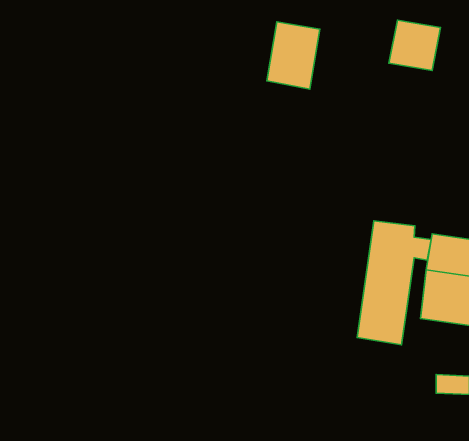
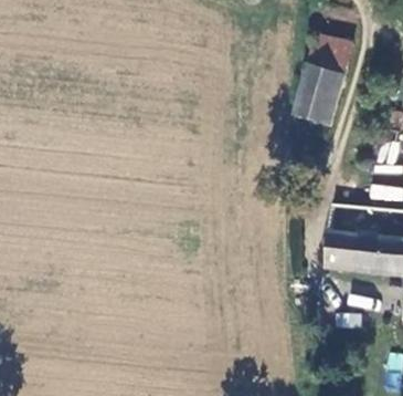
building: [267,22,320,89] -> [293,72,333,124]
building: [357,221,431,345] -> none

